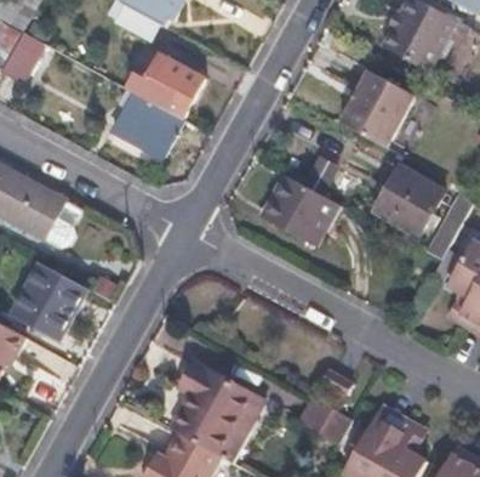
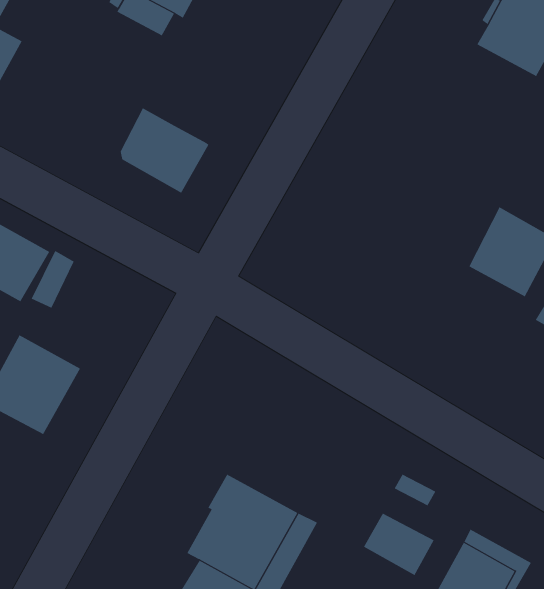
building: [144,52,204,119] -> none
building: [339,68,415,146] -> none
building: [262,174,339,245] -> none

